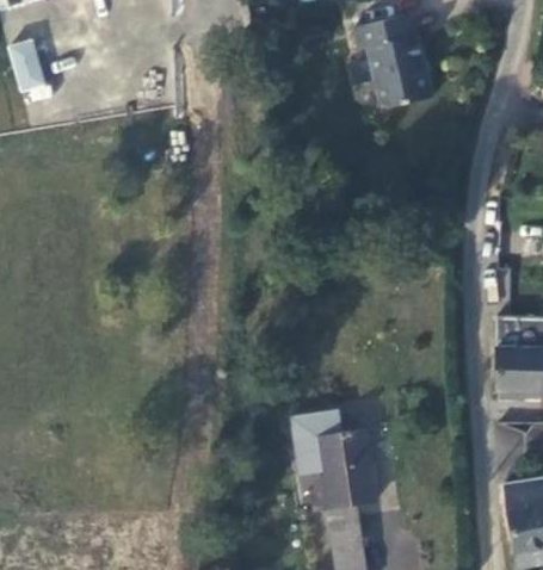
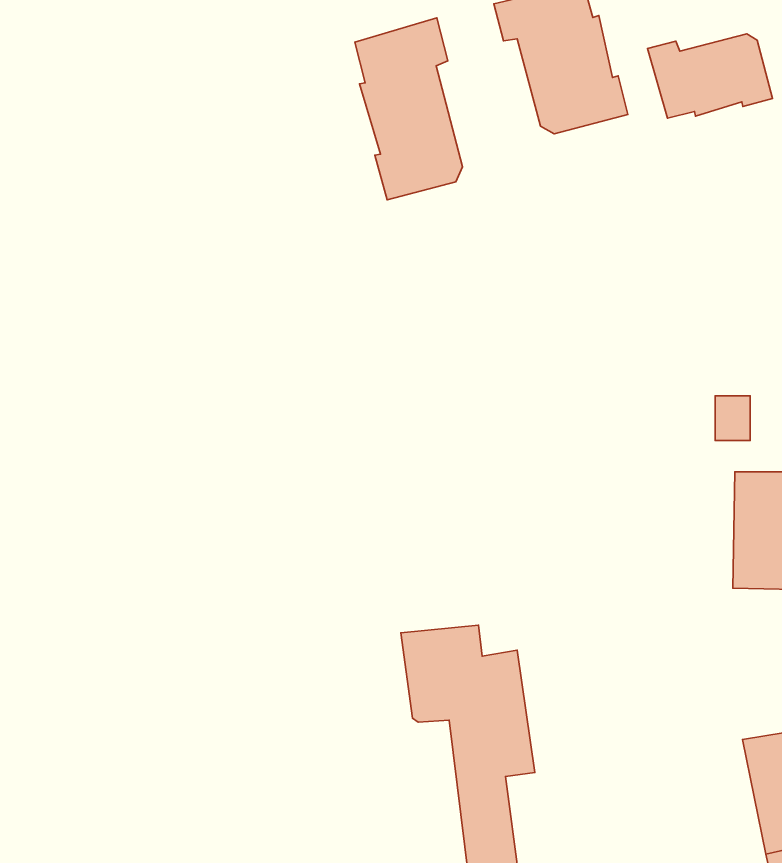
building: none -> [355,18,462,200]
building: none -> [648,34,772,118]

